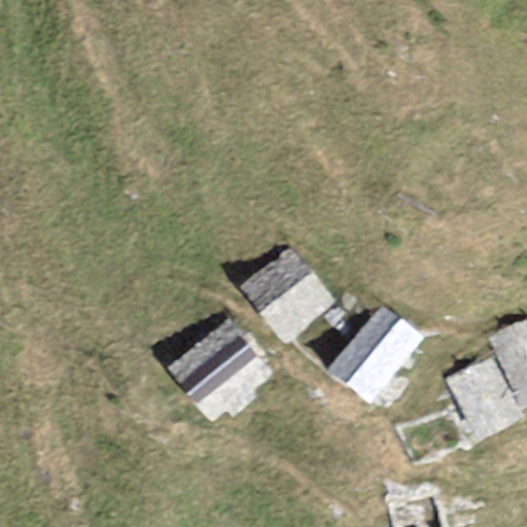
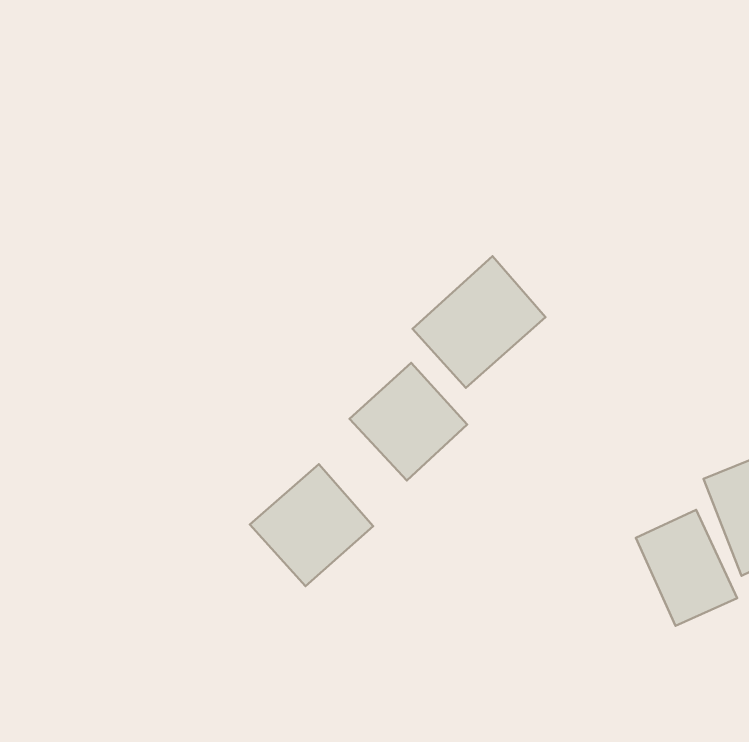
building: none -> [412,256,546,388]
building: [335,310,416,398] -> none

